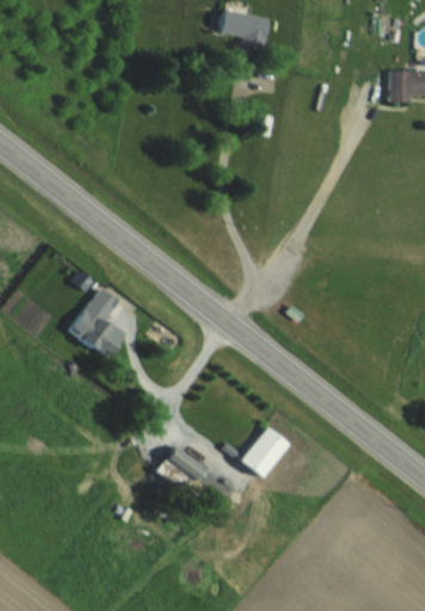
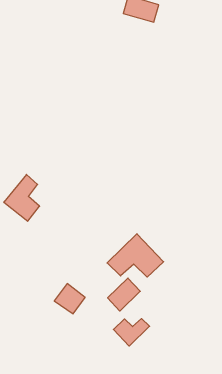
building: none -> [107,234,164,277]
building: none -> [113,319,150,346]

